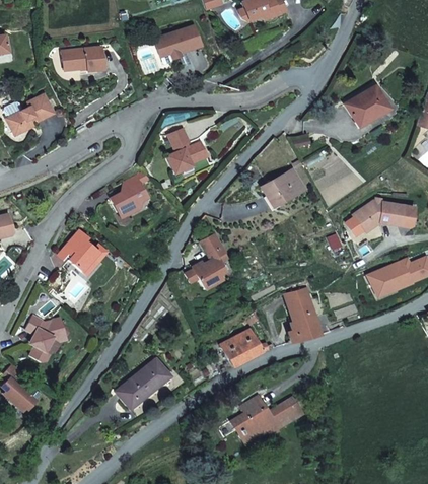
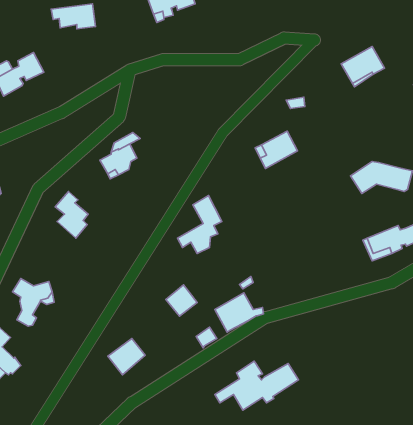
building: [165,129,205,174] -> none
building: [286,288,333,343] -> none
building: [141,359,171,390] -> [166,285,197,316]

